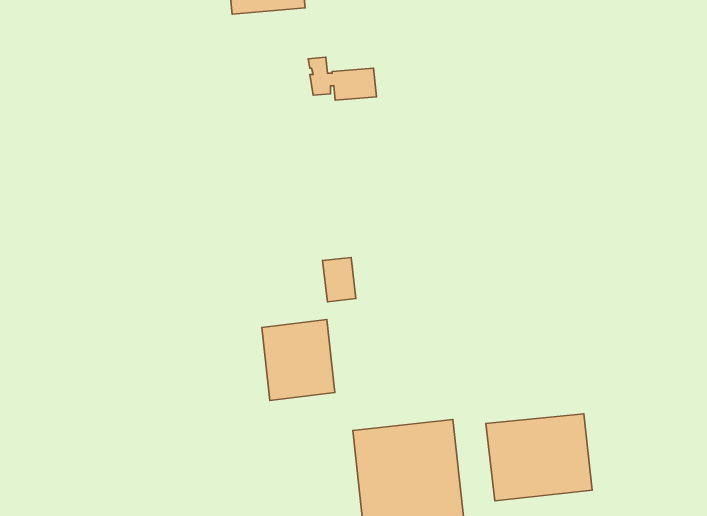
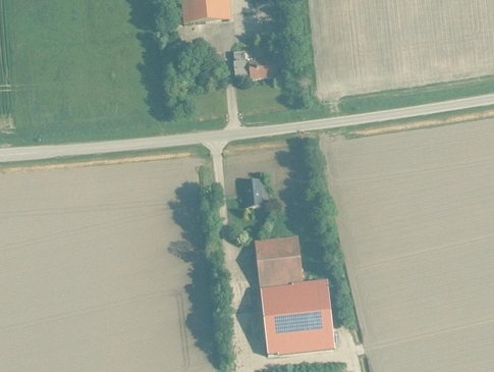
building: [262,320,335,401] -> [256,235,303,287]
building: [486,414,592,501] -> none

